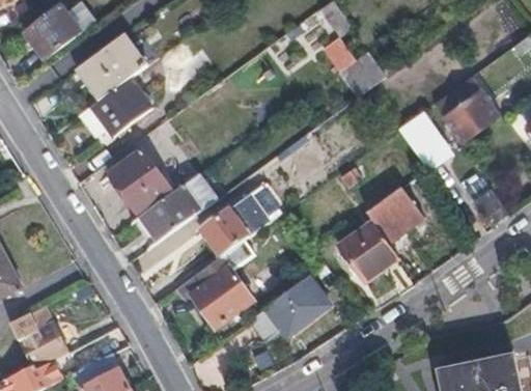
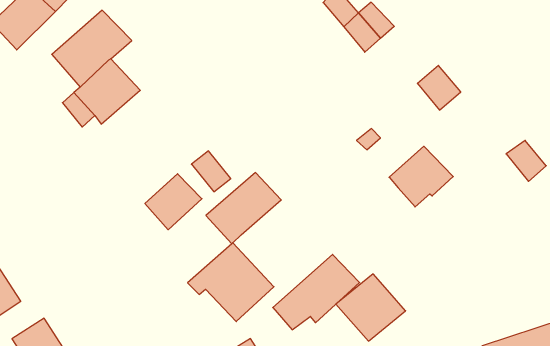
building: [434,75,500,143] -> none
building: [108,150,168,213] -> none
building: [338,222,400,282] -> [336,274,406,341]

